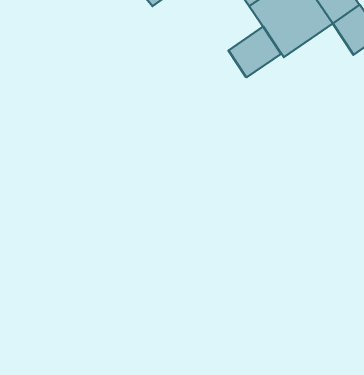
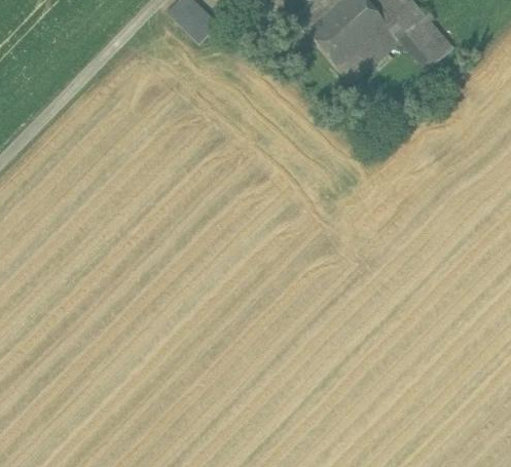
building: [229,27,281,77] -> none

